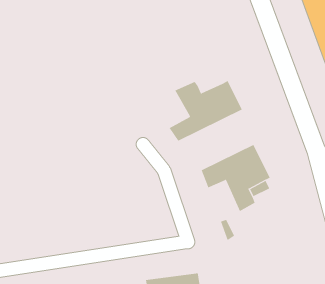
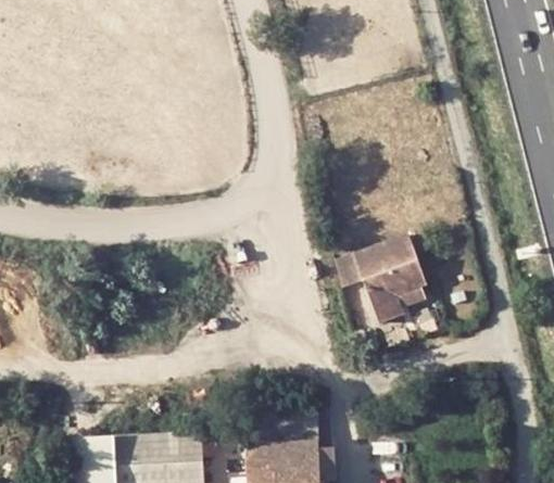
building: [169,80,243,142] -> none

